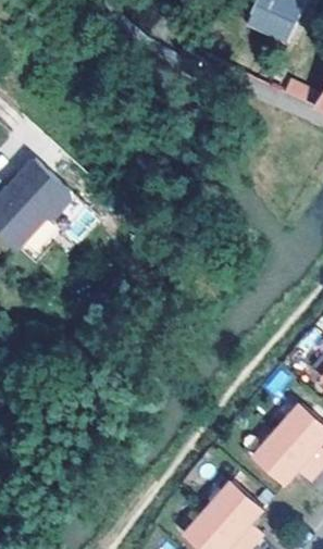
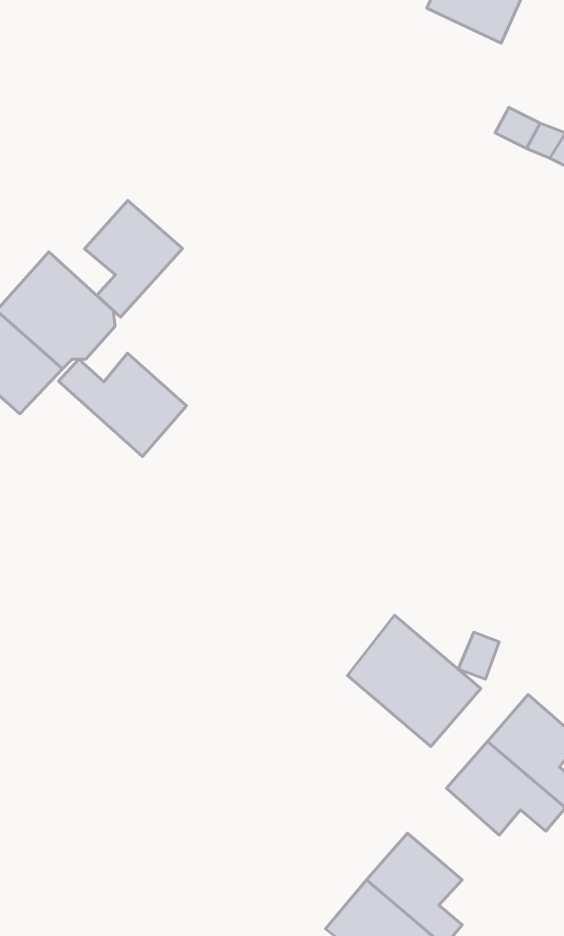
building: none -> [85,200,182,317]
building: none -> [58,353,187,457]
building: none -> [348,615,481,747]

